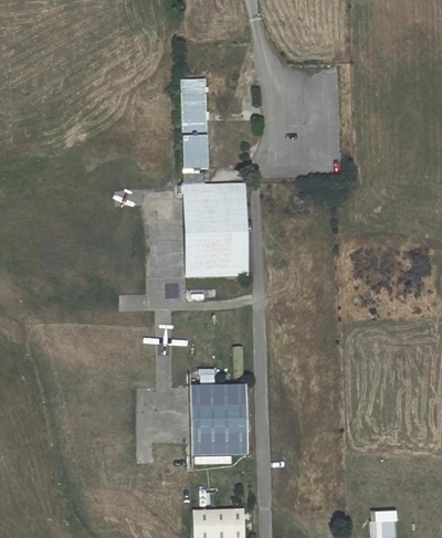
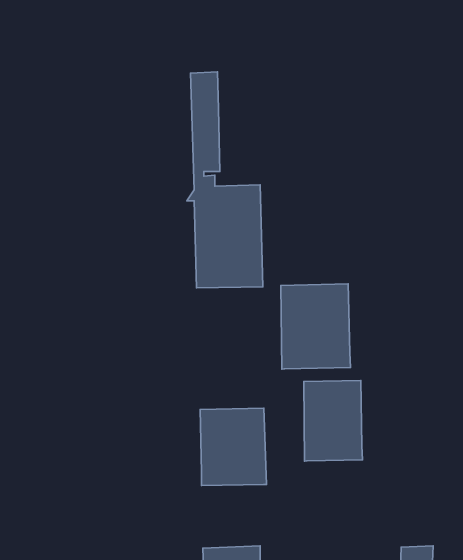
building: none -> [281,284,350,369]
building: none -> [304,381,362,461]

